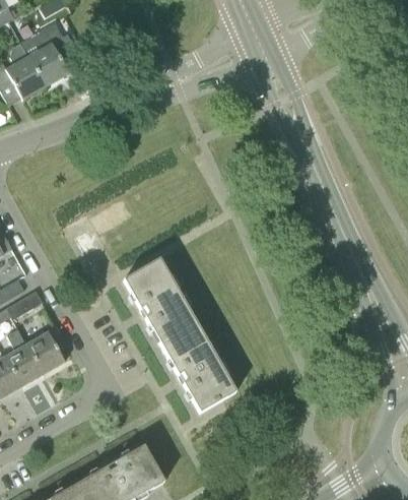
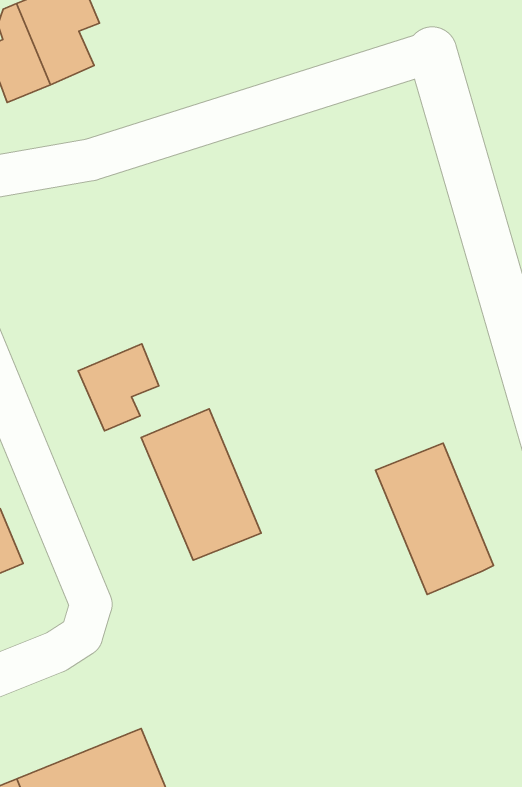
building: none -> [78,344,159,431]
building: [162,325,236,413] -> [375,443,494,595]

